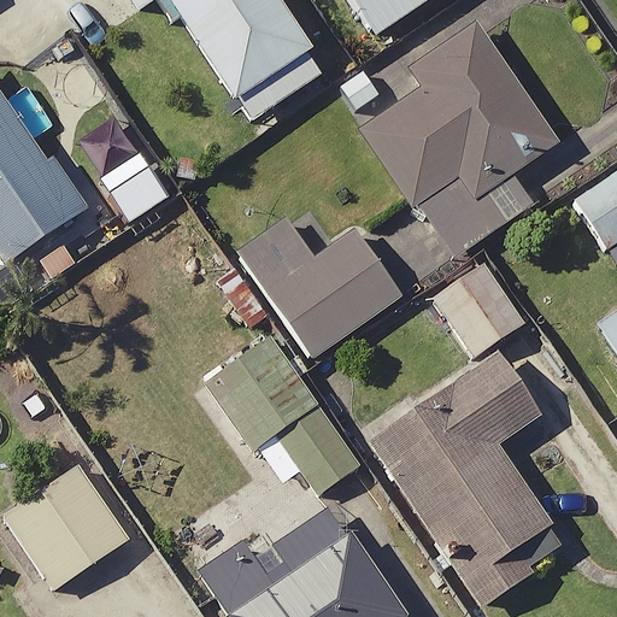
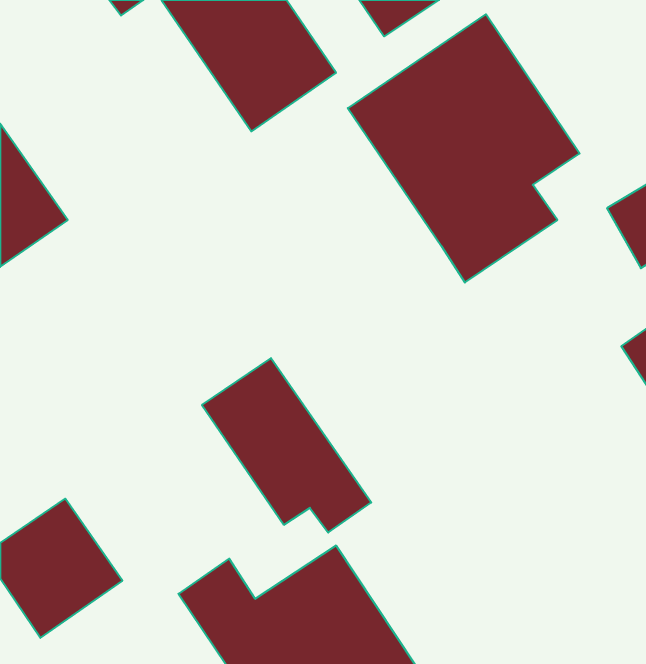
building: [236,215,398,358] -> none
building: [434,262,524,355] -> none
building: [375,354,569,604] -> none

